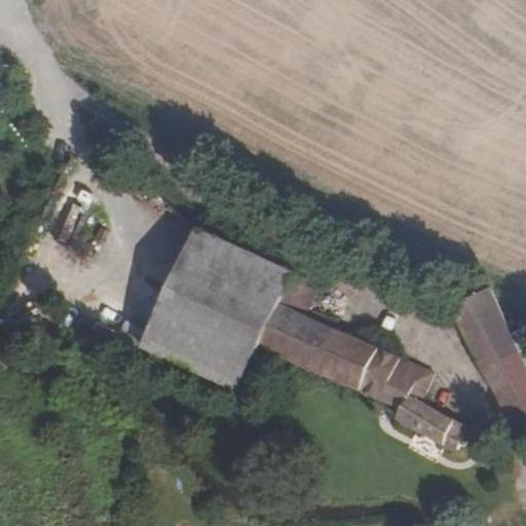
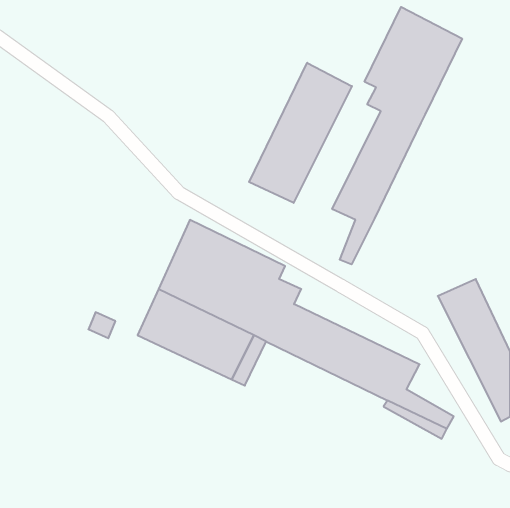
building: none -> [332,7,462,264]
building: none -> [249,63,352,203]

